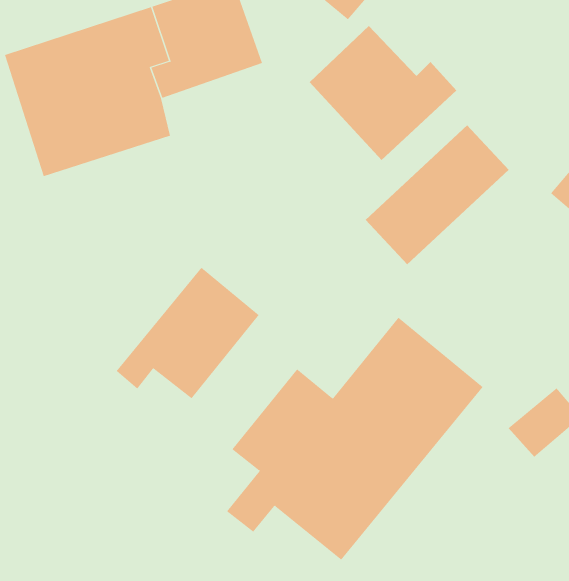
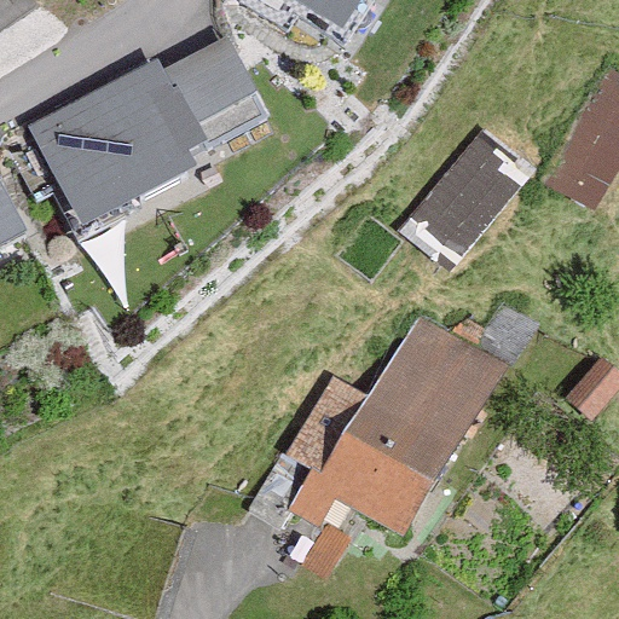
building: [309,25,457,161] -> none
building: [116,267,260,399] -> none

